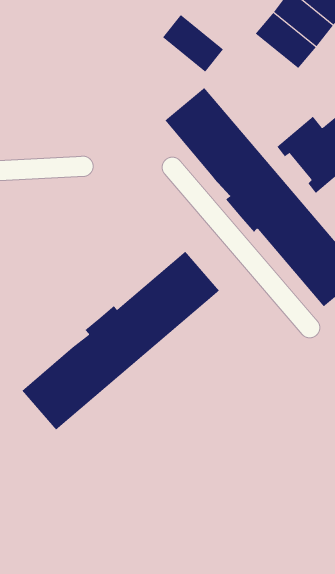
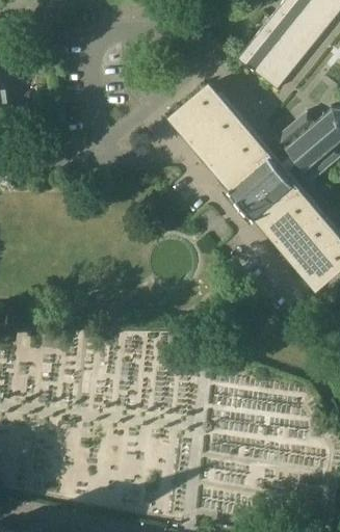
building: [162,14,224,73] -> [237,37,293,90]
building: [21,251,220,430] -> none

